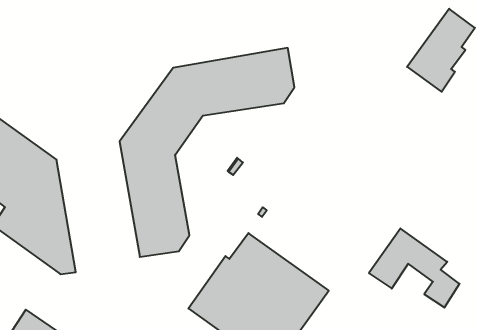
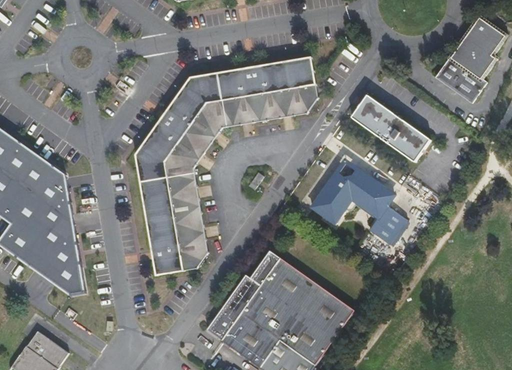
building: none -> [350,95,429,162]
building: [369,228,460,308] -> [311,162,406,245]

